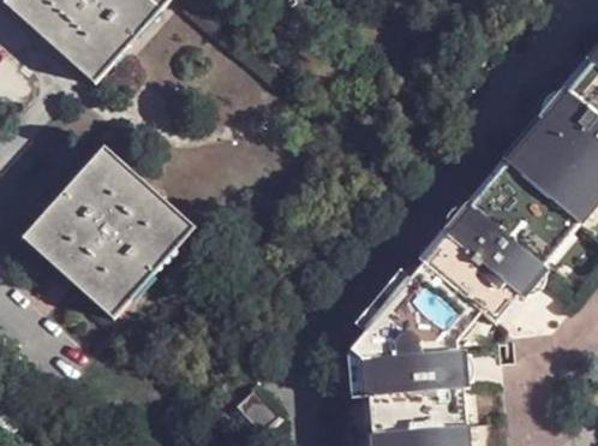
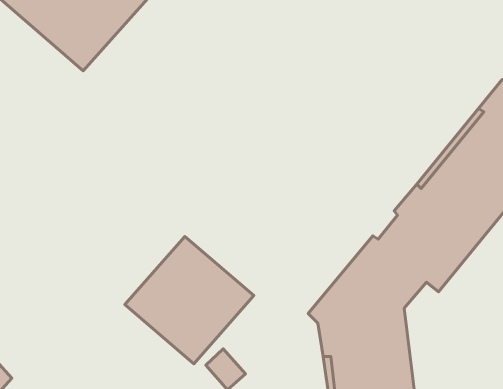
building: [25,147,197,317] -> none
building: none -> [125,236,254,364]

